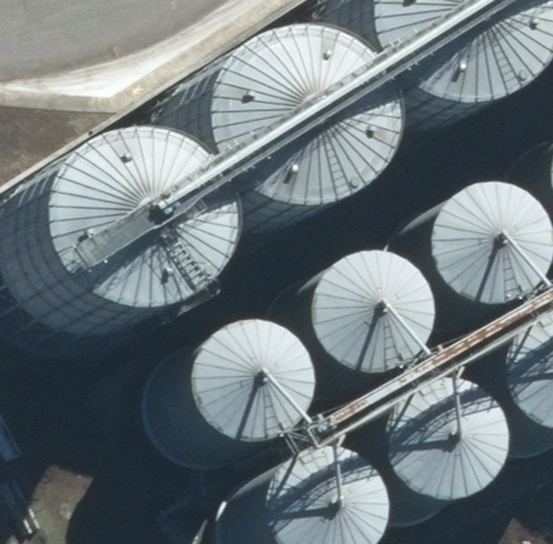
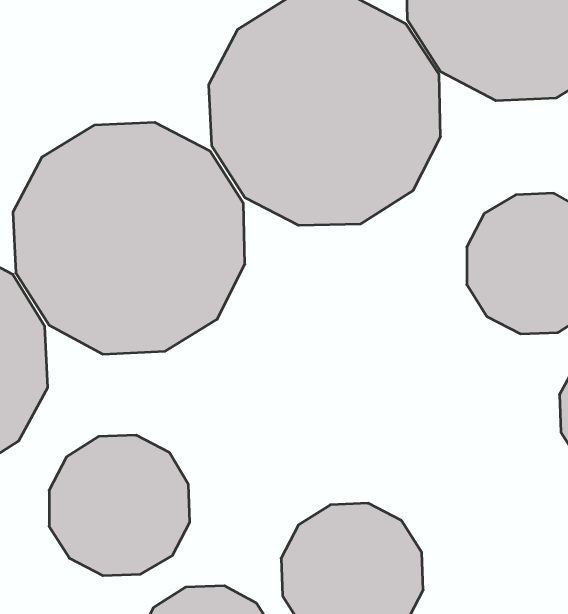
building: [317,251,436,369] -> none
building: [202,313,321,432] -> none
building: [388,372,507,491] -> none

